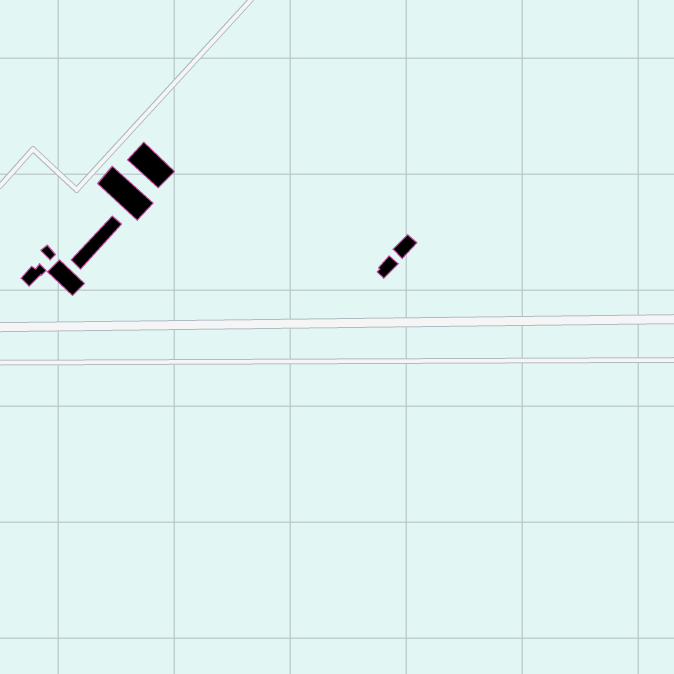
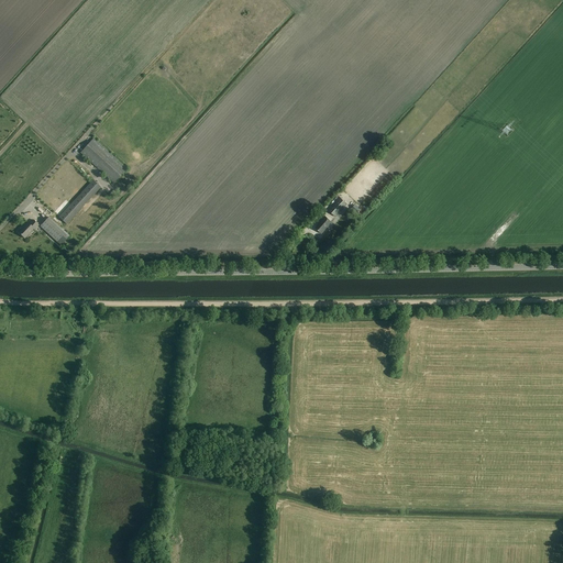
building: [128,142,174,188] -> none

